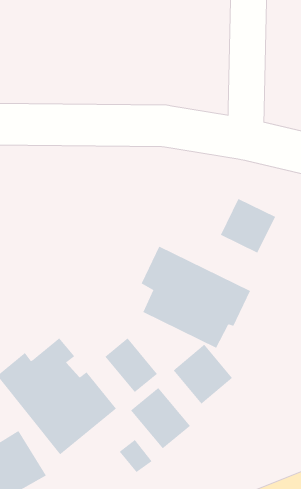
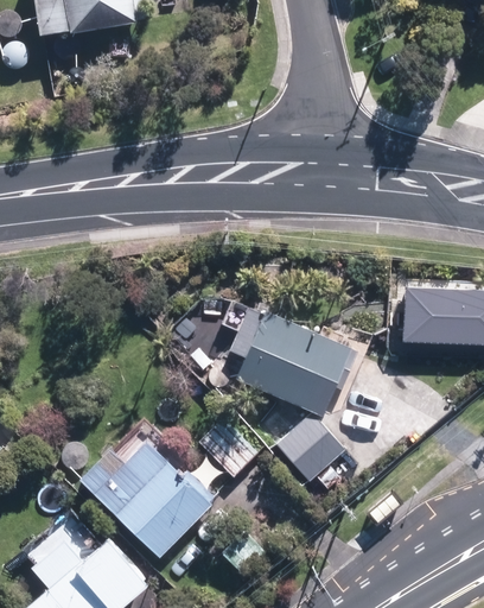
building: [220,198,276,253] -> none
building: [130,387,191,449] -> none

